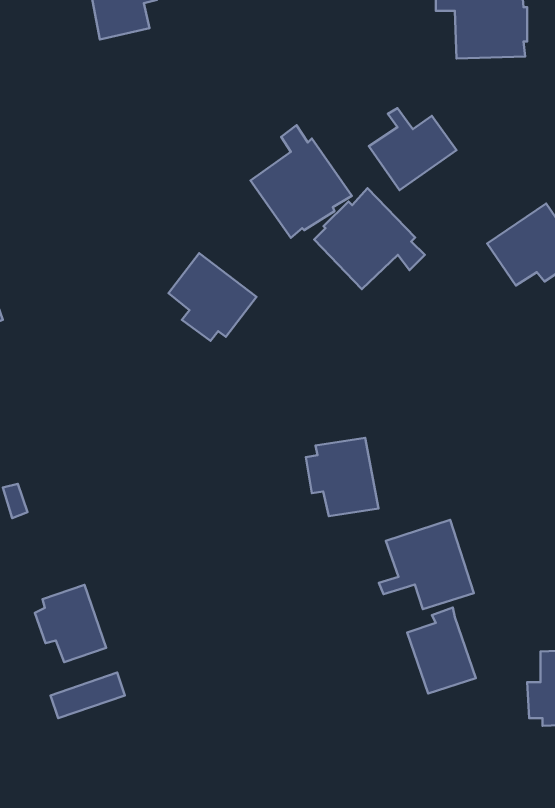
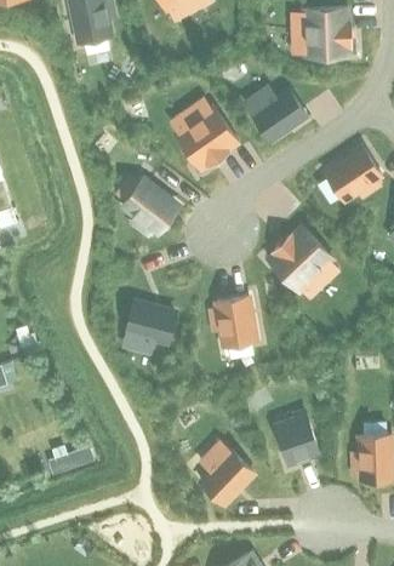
building: [314,188,425,289] -> [268,228,338,292]
building: none -> [125,304,176,354]
building: [379,520,474,609] -> none
building: [35,585,106,662] -> none
building: none -> [198,448,251,502]

